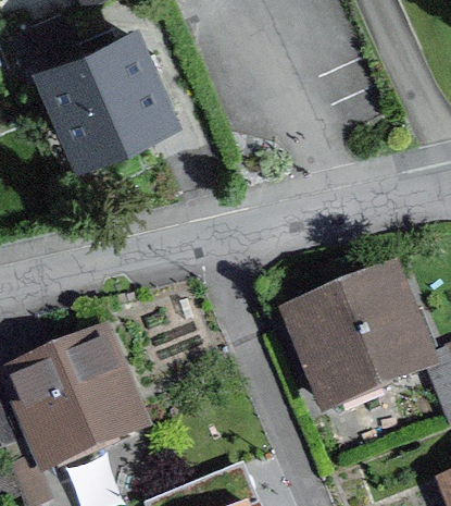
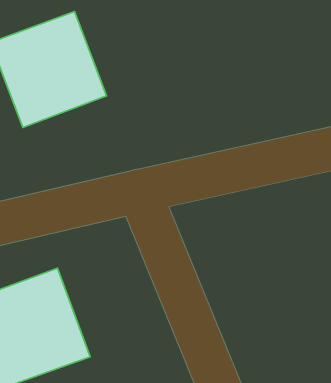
building: [283,262,434,408] -> none

